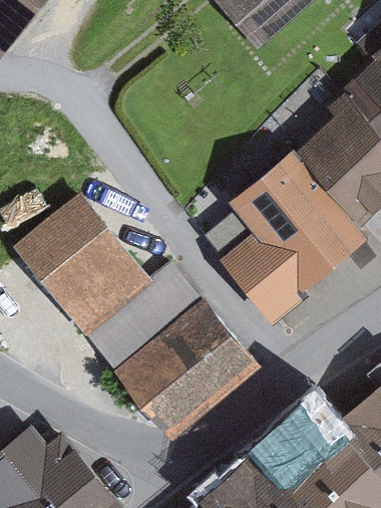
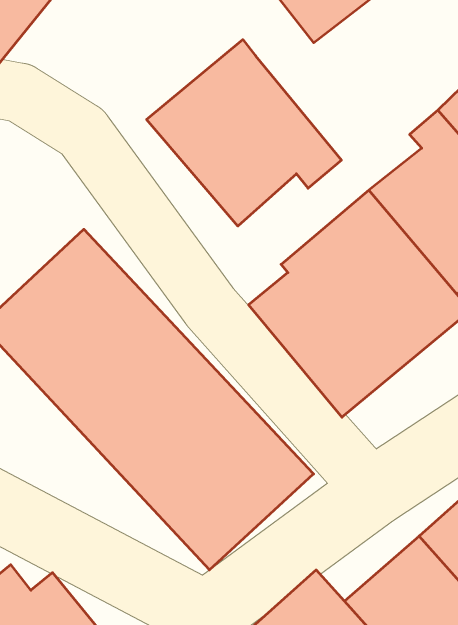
building: none -> [147,40,341,226]

